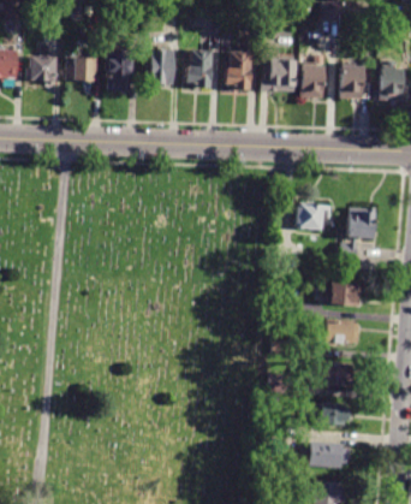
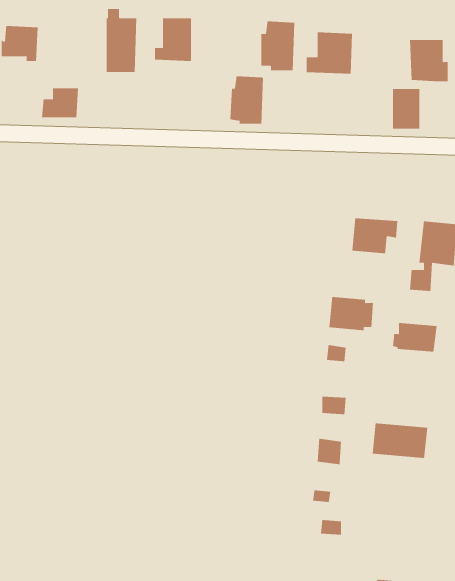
building: [186,49,213,87] -> [229,76,264,124]
building: [65,58,94,81] -> [41,88,79,118]
building: [302,66,323,97] -> [392,88,420,129]
building: [324,319,359,345] -> [328,296,374,331]
building: [321,403,350,426] -> none
building: [309,441,350,469] -> none

